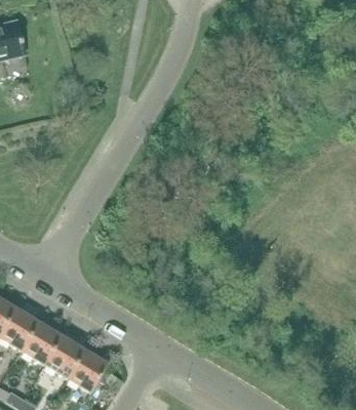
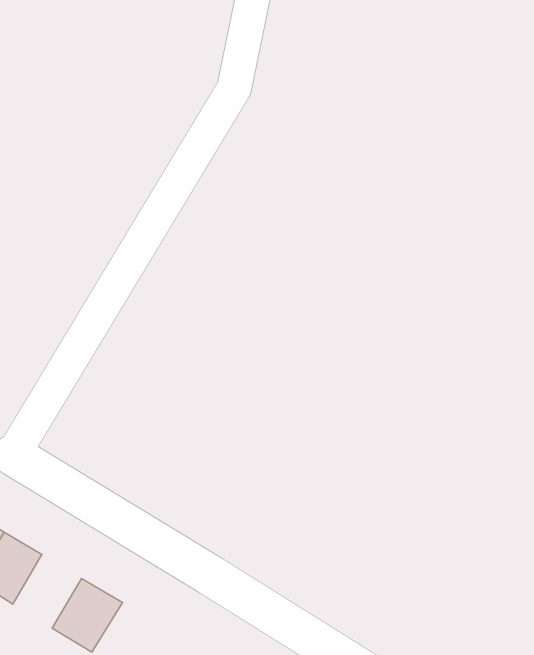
building: [43,335,84,379] -> none

